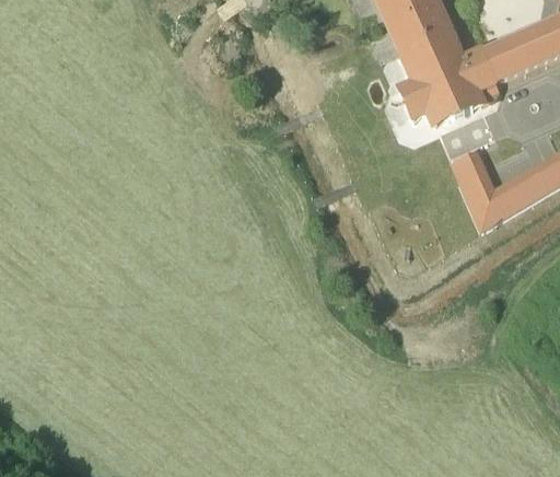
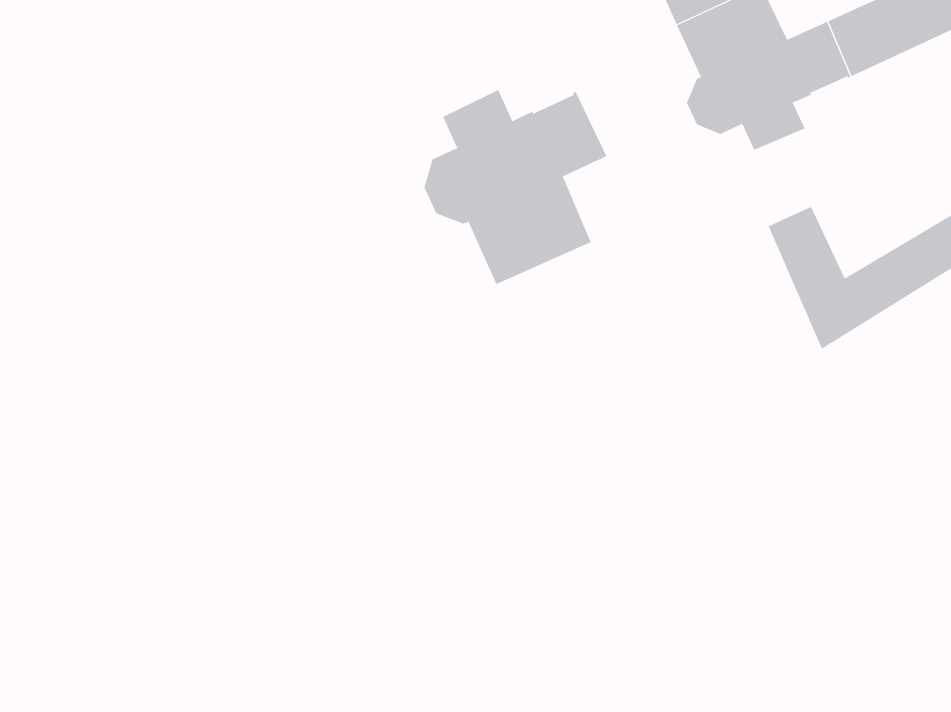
building: none -> [424,89,607,285]

